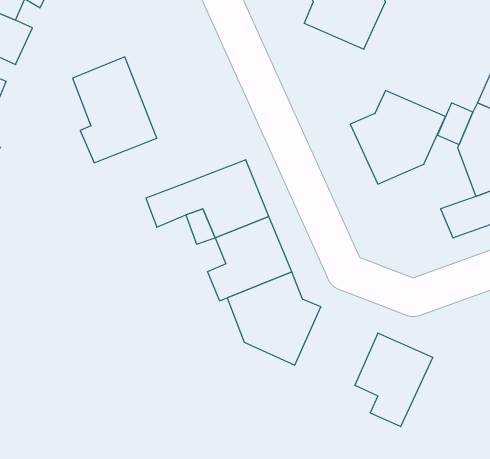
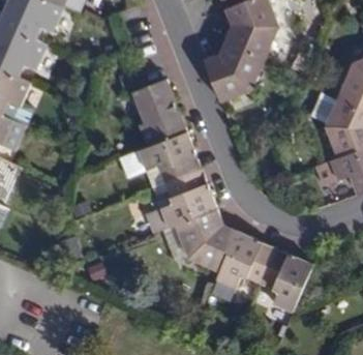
building: [73,57,157,163] -> [129,78,186,149]
building: [350,91,445,184] -> [202,40,266,103]
building: none -> [215,232,275,288]

